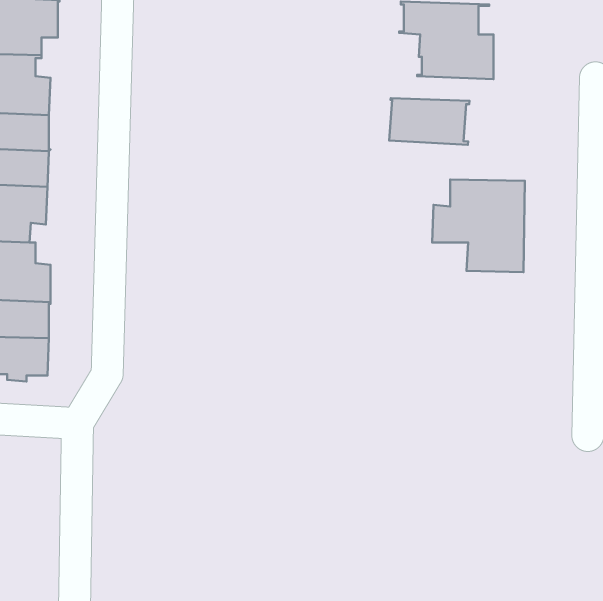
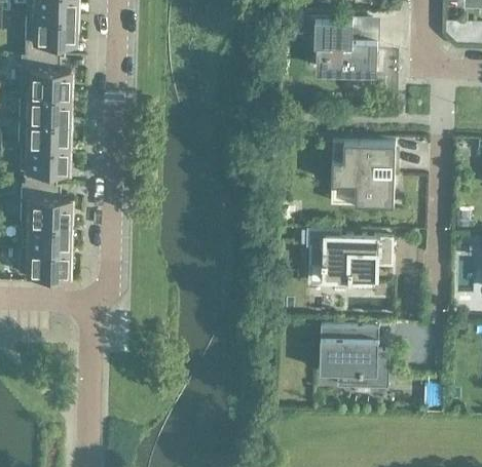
building: [389,98,470,145] -> none
building: none -> [308,224,395,285]
building: none -> [320,327,386,386]

